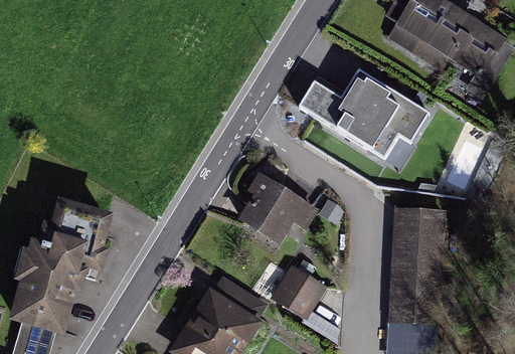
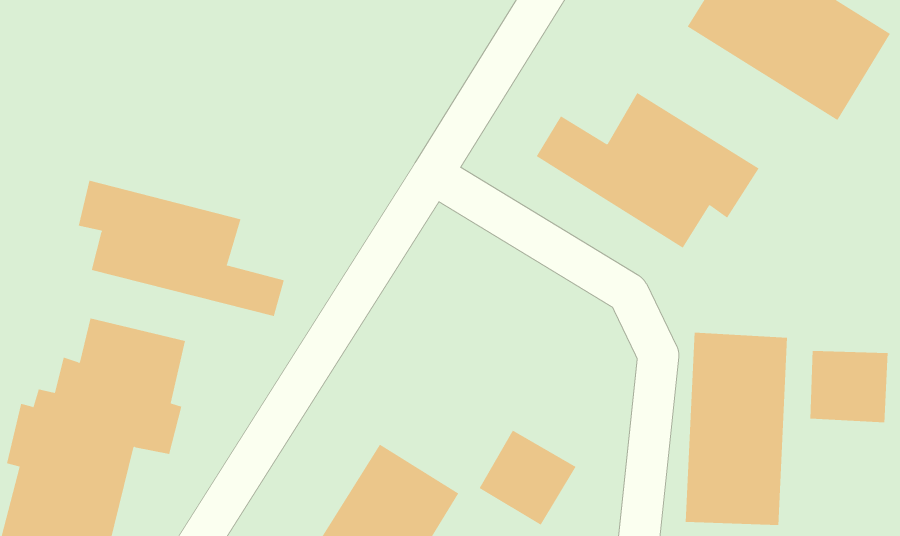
building: none -> [78,180,284,317]
building: [237,173,318,246] -> none
building: none -> [810,350,888,423]

